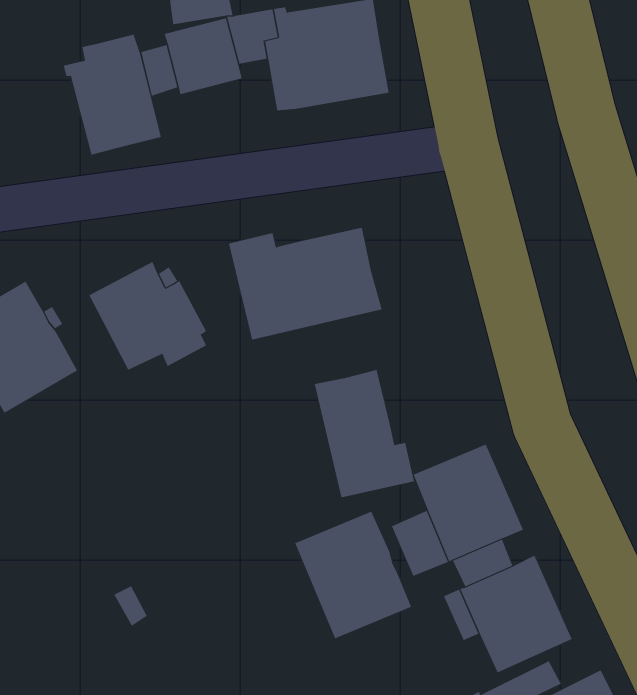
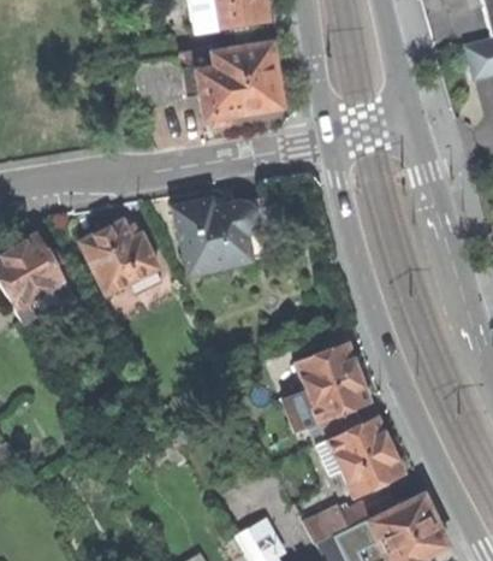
building: [63,34,162,156] -> none
building: [314,369,414,498] -> none
building: [294,511,412,639] -> none

